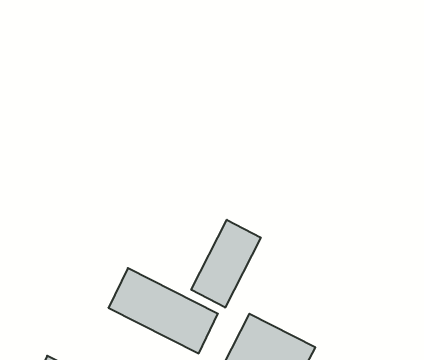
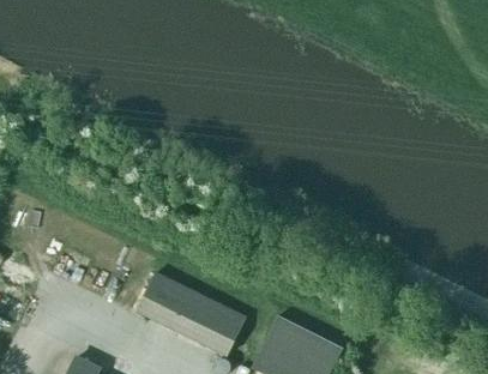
building: [191,220,261,308] -> none

